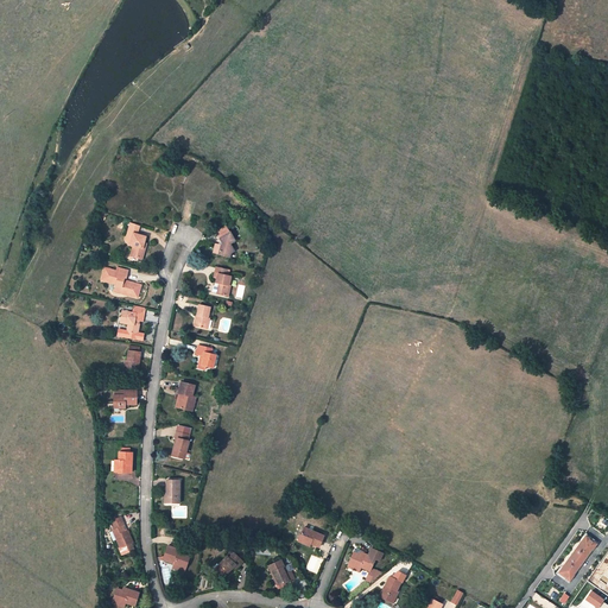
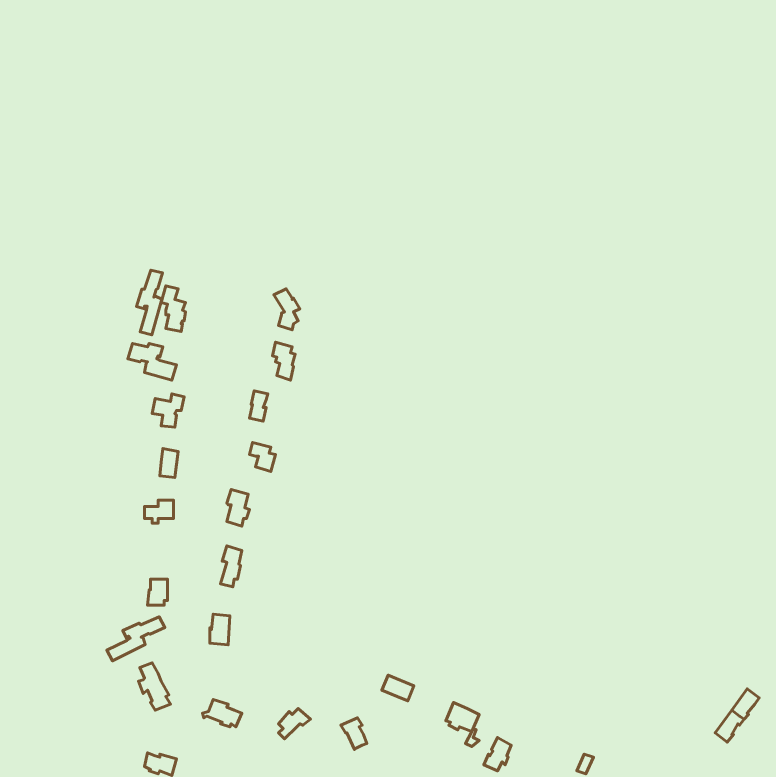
building: none -> [136,270,162,335]
building: none -> [107,617,165,661]

